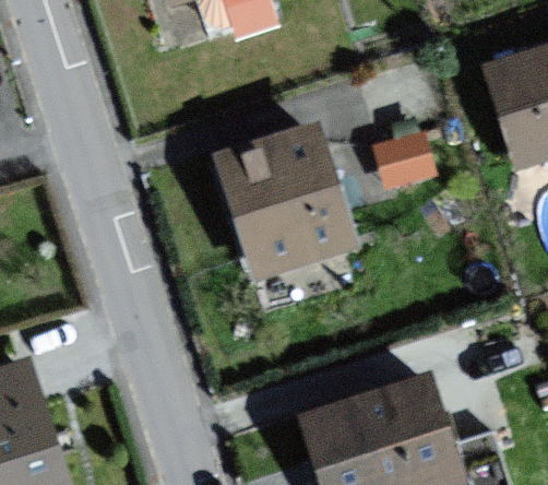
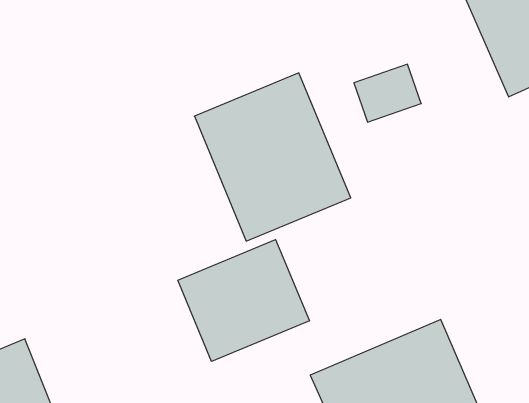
building: none -> [178,240,309,361]

